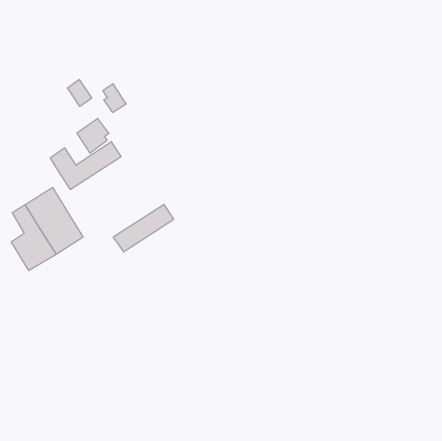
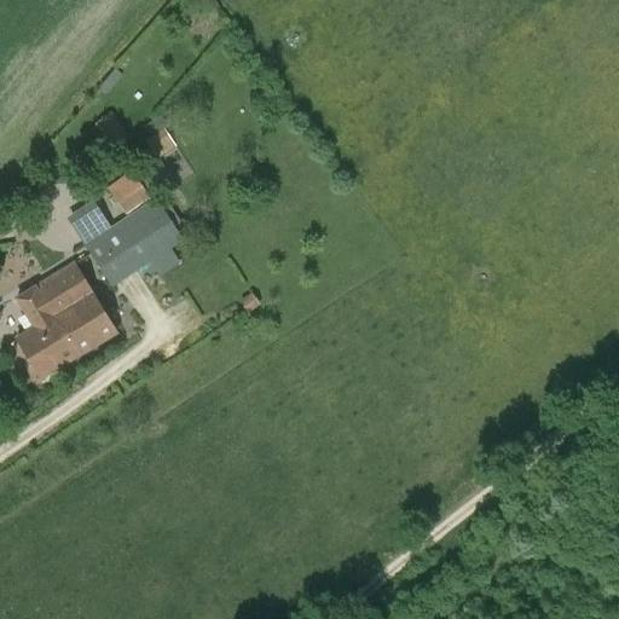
building: [113,204,174,252] -> [98,219,183,285]

